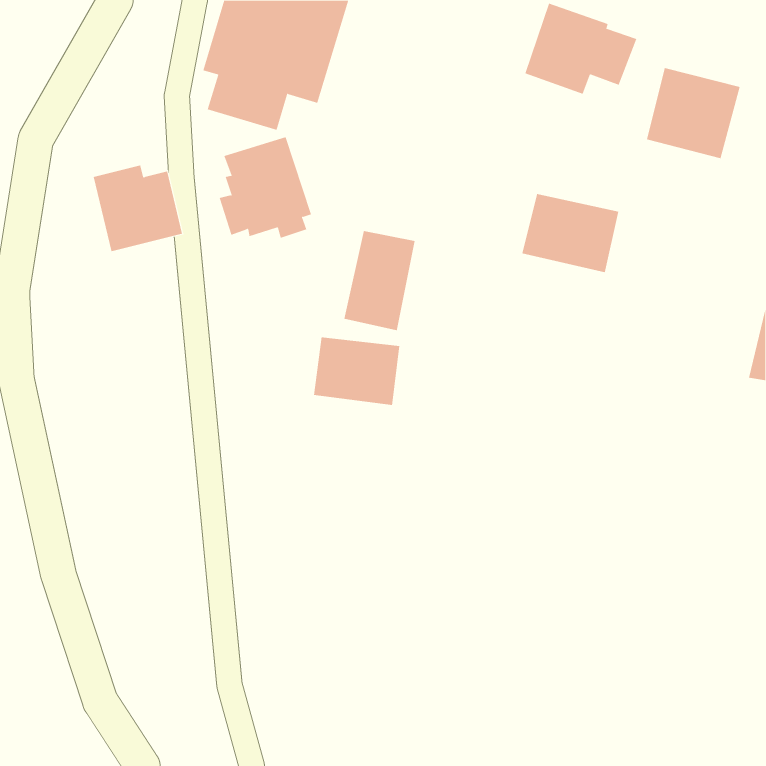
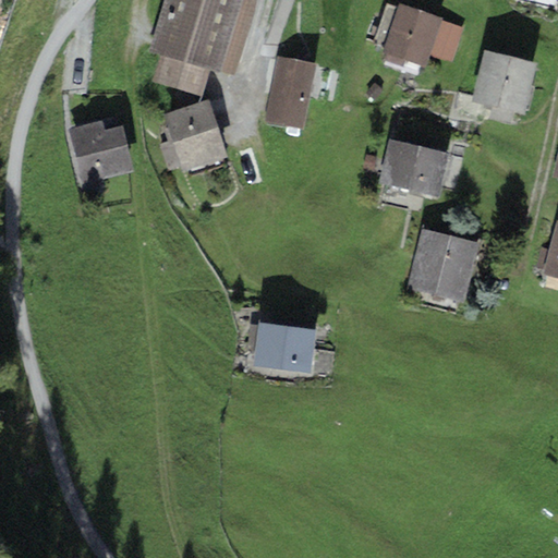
building: [344,230,416,331] -> [263,57,315,130]
building: none -> [407,228,480,303]
building: [313,337,400,406] -> [253,323,316,373]

